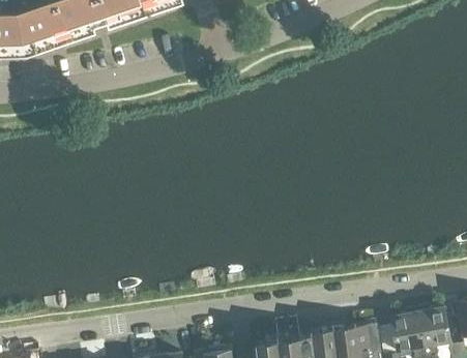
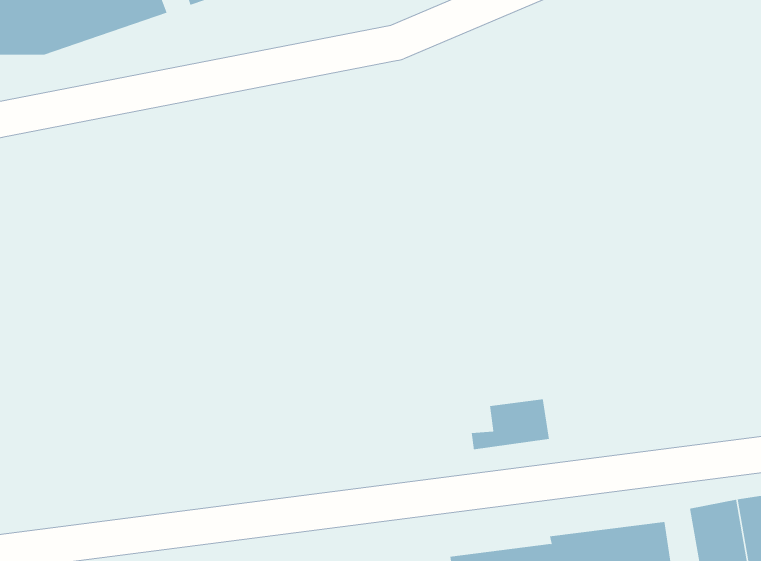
building: none -> [471,398,550,450]

